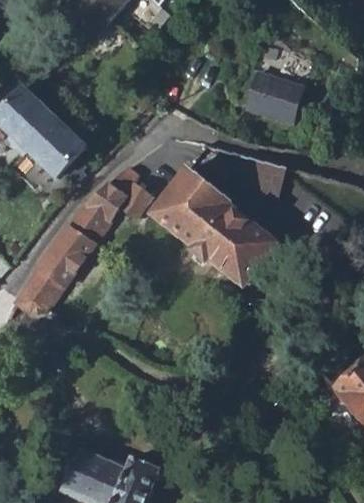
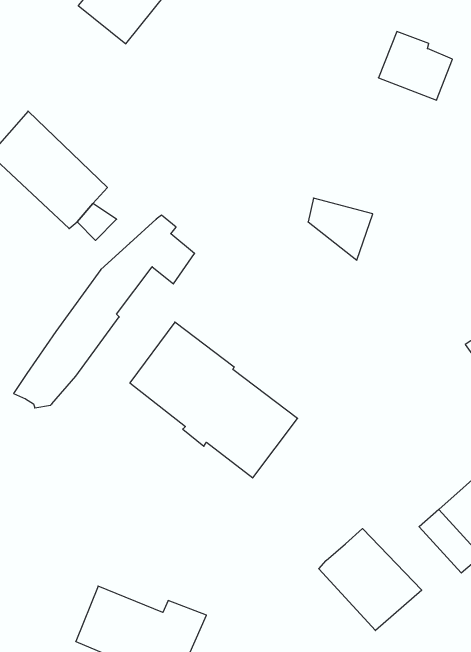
building: [244,74,300,126] -> [378,32,452,100]
building: [151,170,278,288] -> [130,322,298,478]
building: none -> [319,529,422,631]

